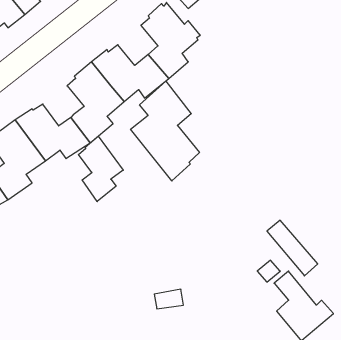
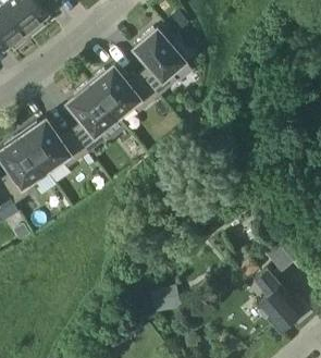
building: [131,81,199,181] -> none
building: [78,136,123,202] -> none

